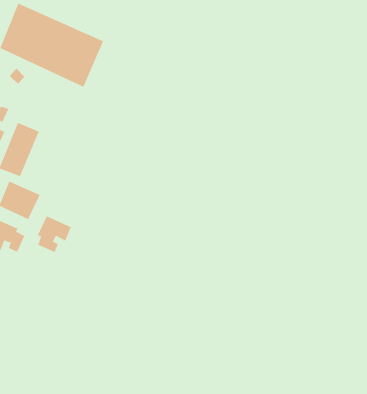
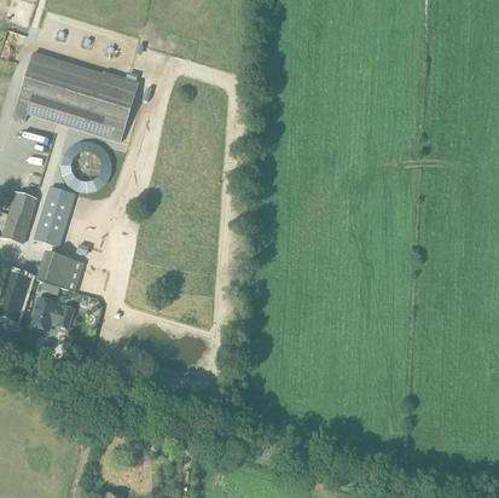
building: none -> [59,139,111,189]
building: [37,216,72,253] -> none

